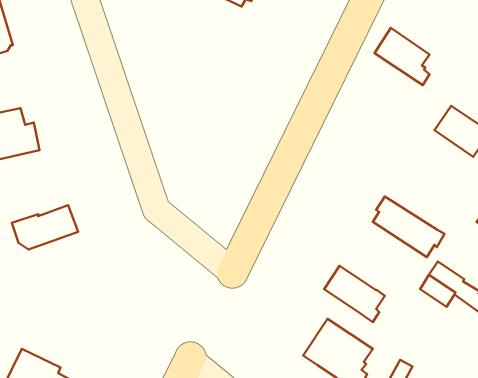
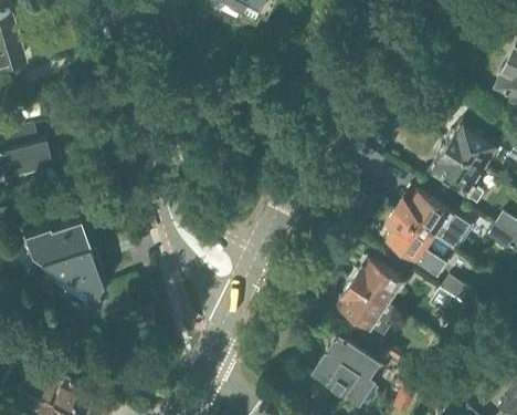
building: [374,28,430,85] -> [428,145,483,203]
building: none -> [394,189,469,249]
building: none -> [38,247,101,307]
building: none -> [349,257,412,305]

